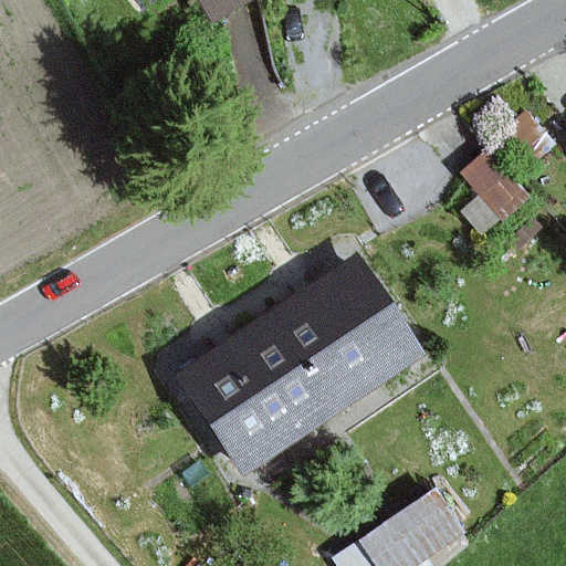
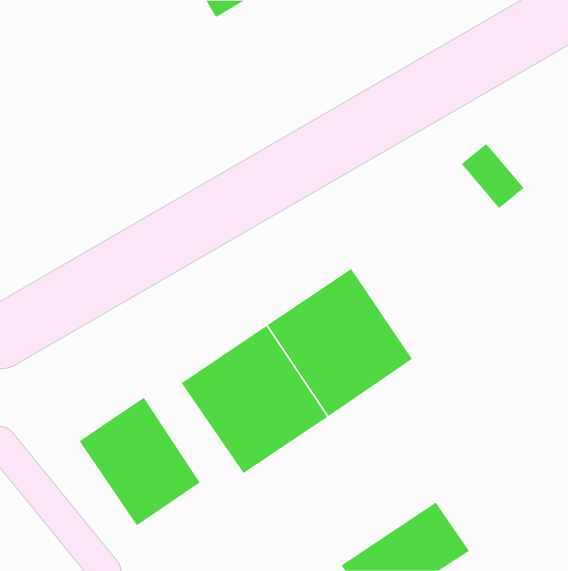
building: none -> [79,397,201,526]

